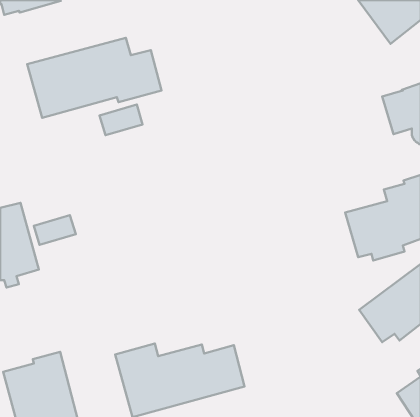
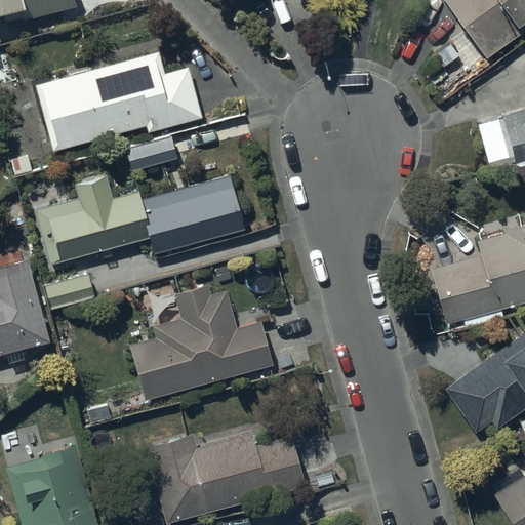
building: none -> [34,175,246,267]
building: none -> [130,286,273,400]

